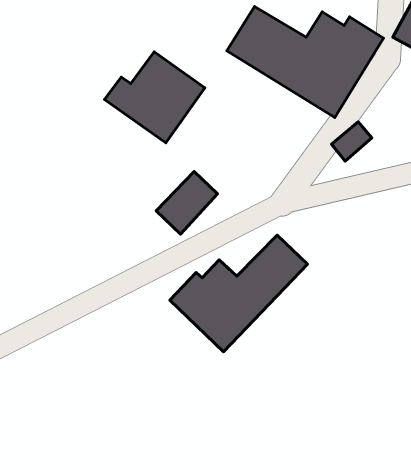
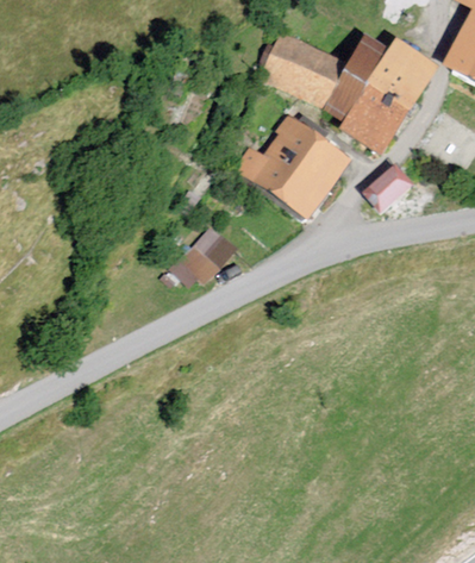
building: [104,52,205,143] -> [235,117,348,219]
building: [170,235,307,352] -> none

